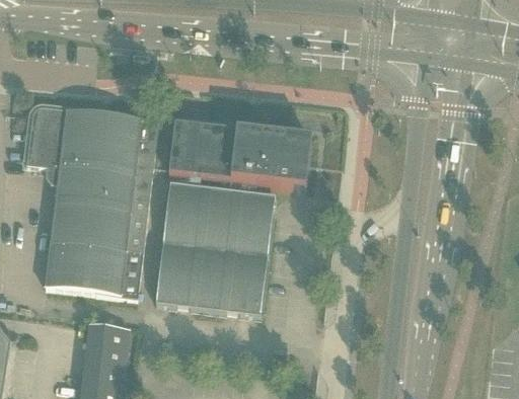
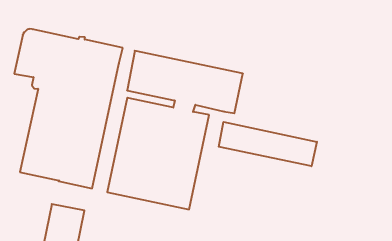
building: none -> [219,122,317,166]

